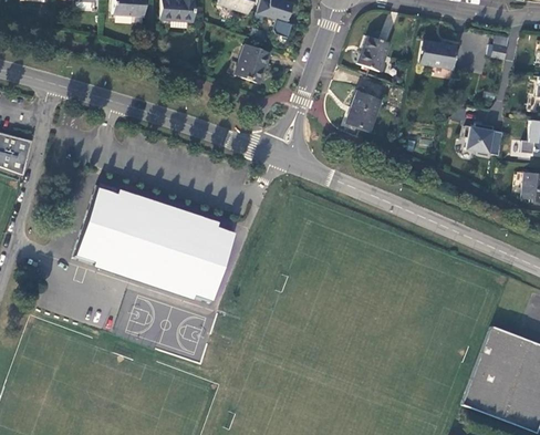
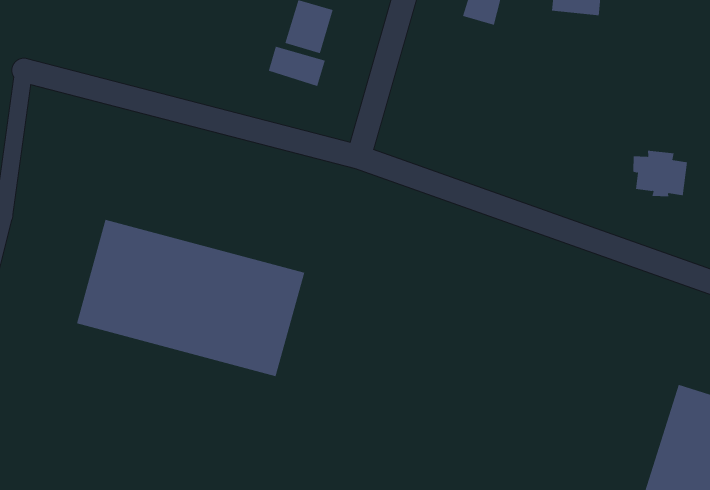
building: none -> [268,46,326,87]
building: [346,91,380,130] -> none
building: [464,122,502,155] -> [632,150,688,197]

